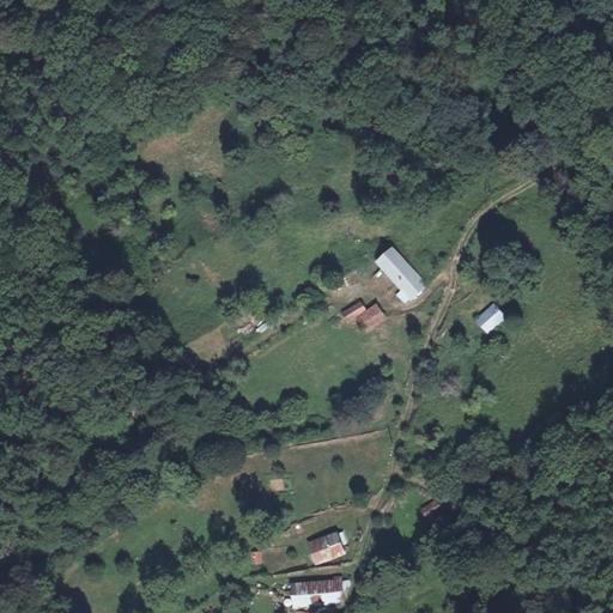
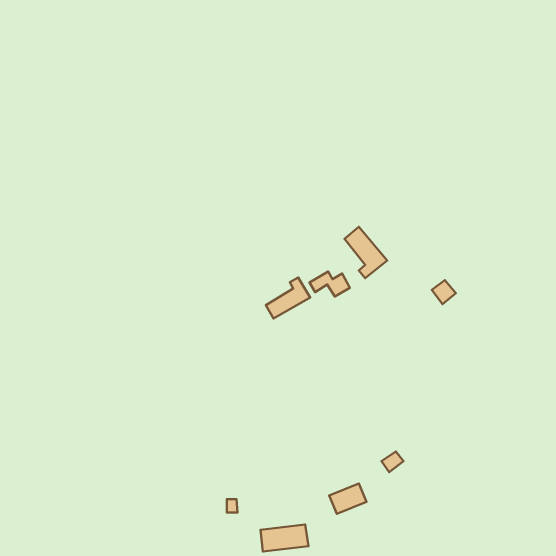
building: none -> [266,277,310,319]
building: [306,532,347,565] -> [329,483,366,514]

